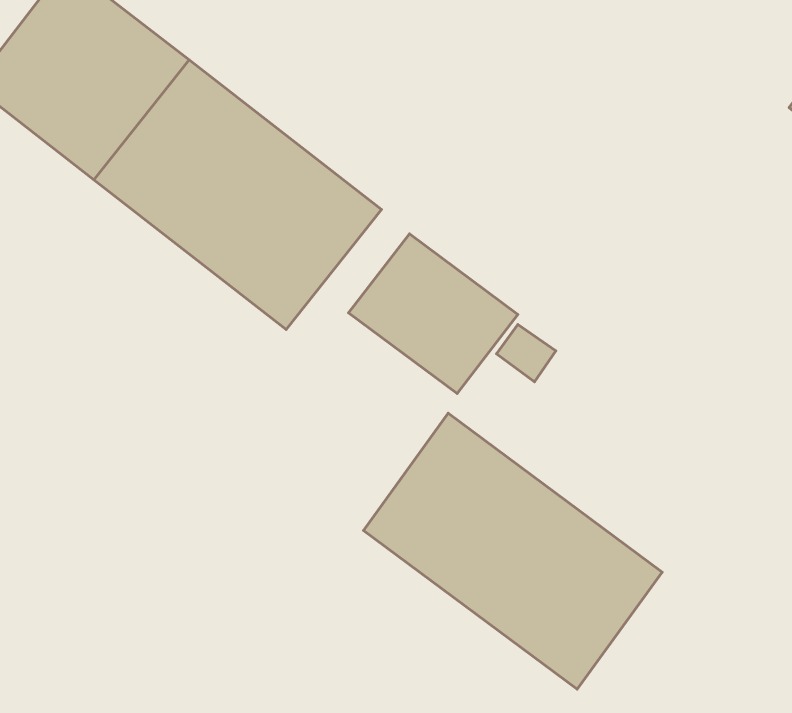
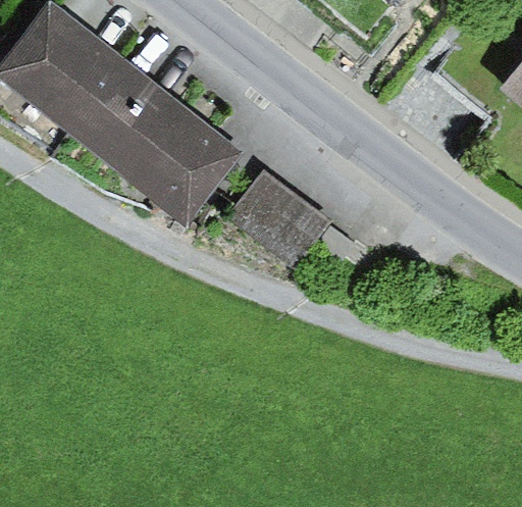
building: [363,413,662,689] -> none

